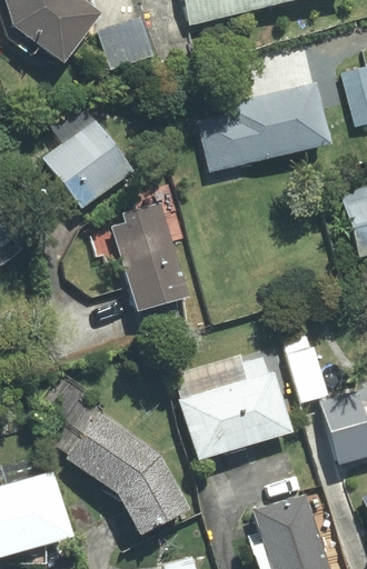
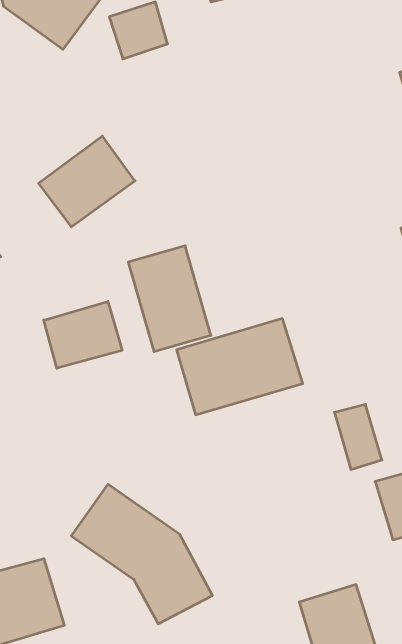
building: [201,86,328,169] -> none
building: none -> [44,301,122,368]
building: [185,376,288,455] -> [177,319,303,415]

